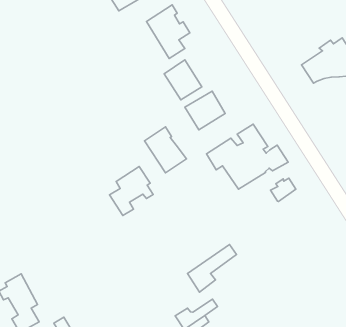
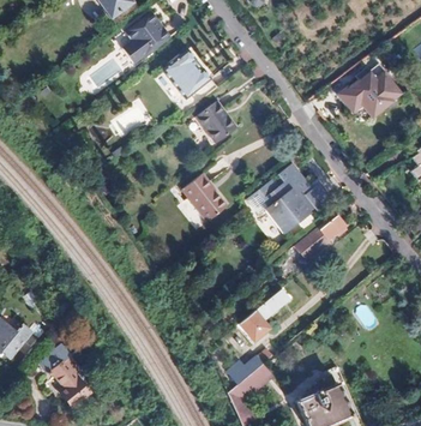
building: [185,91,225,130] -> none
building: [110,167,153,215] -> none
building: none -> [293,222,329,257]

